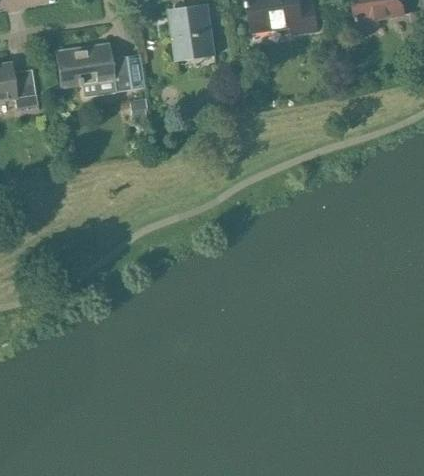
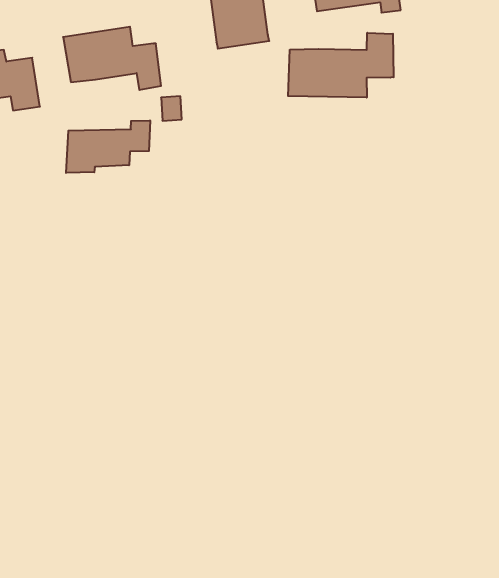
building: none -> [288,33,394,98]
building: none -> [66,120,150,173]

